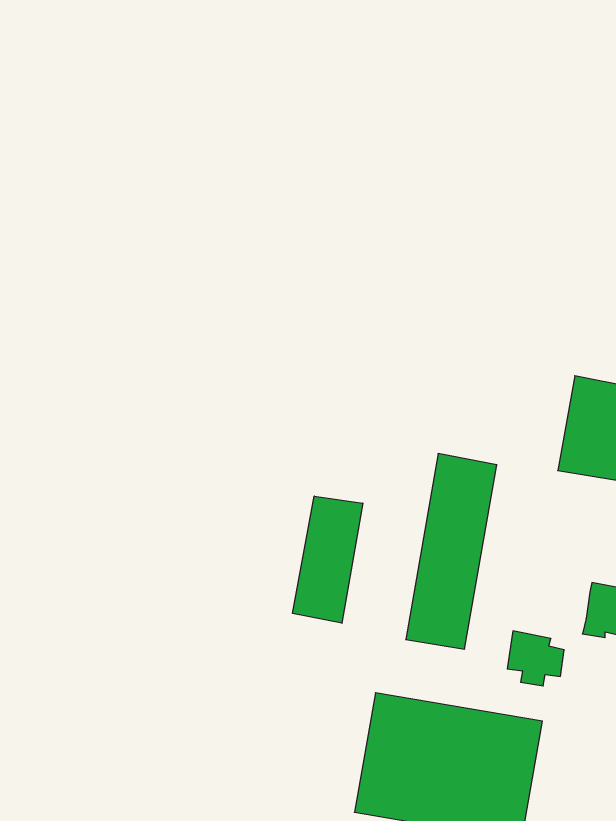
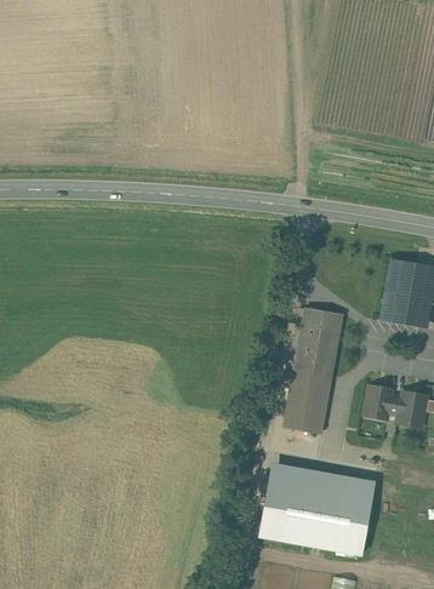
building: [293,496,363,623] -> none
building: [507,631,564,686] -> [366,384,402,419]

